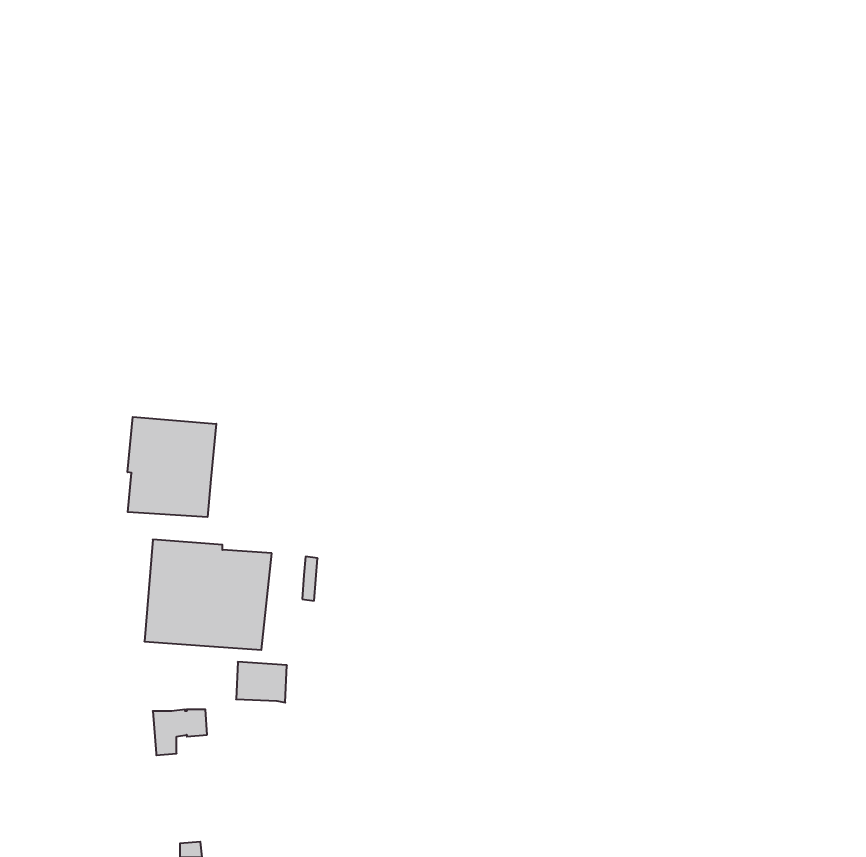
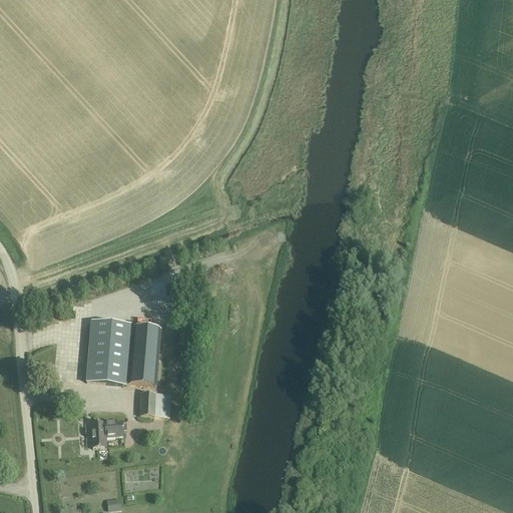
building: [128,417,216,517] -> none

